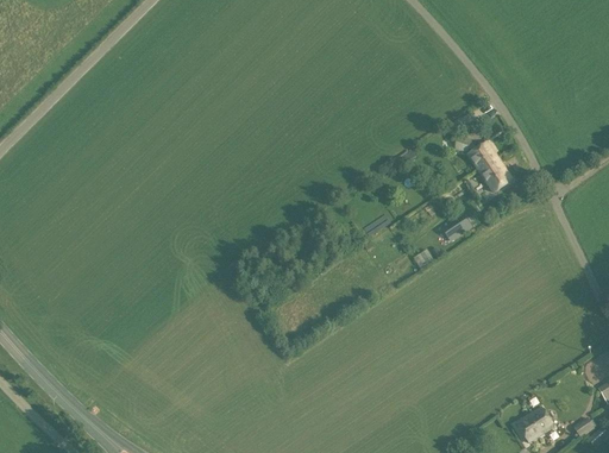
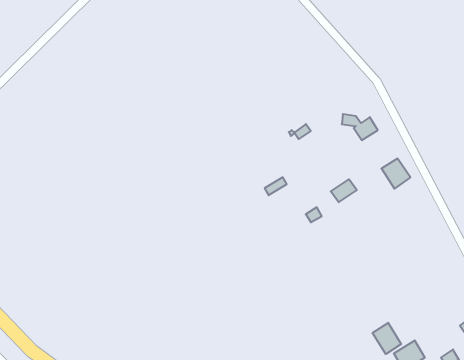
building: [477,157,511,193] -> [381,159,410,189]
building: none -> [373,323,401,354]

